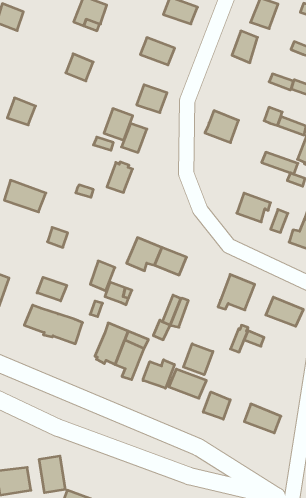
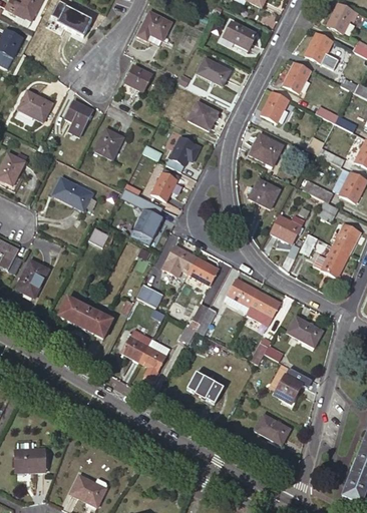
building: none -> [260,91,288,121]
building: [104,109,133,140] -> [94,127,123,158]
building: none -> [248,177,279,208]
building: [90,261,115,291] -> [133,207,158,236]
building: none -> [223,278,257,313]
building: [37,277,67,301] -> none
building: [183,344,213,375] -> none
building: none -> [273,374,302,404]
building: [143,360,174,388] -> none
building: [203,392,230,419] -> none
building: [39,456,65,493] -> none

